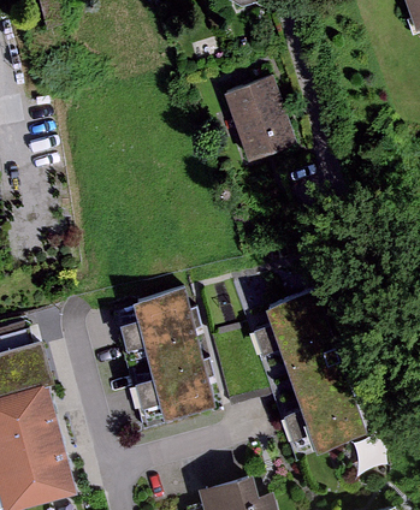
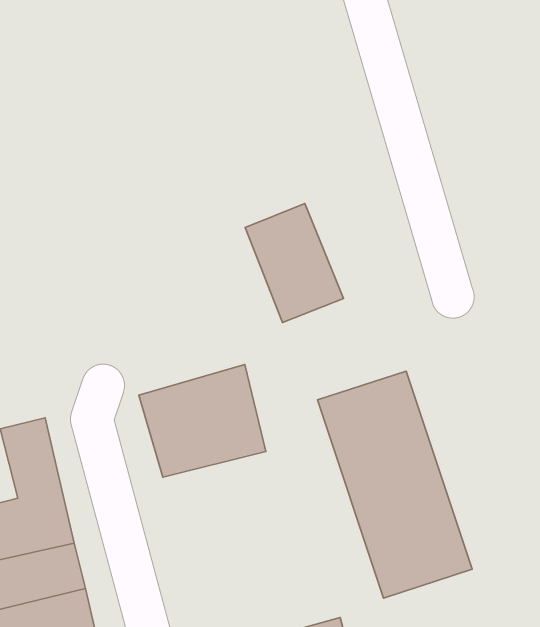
building: [225,73,298,162] -> [245,203,344,323]
building: [125,351,219,434] -> none

